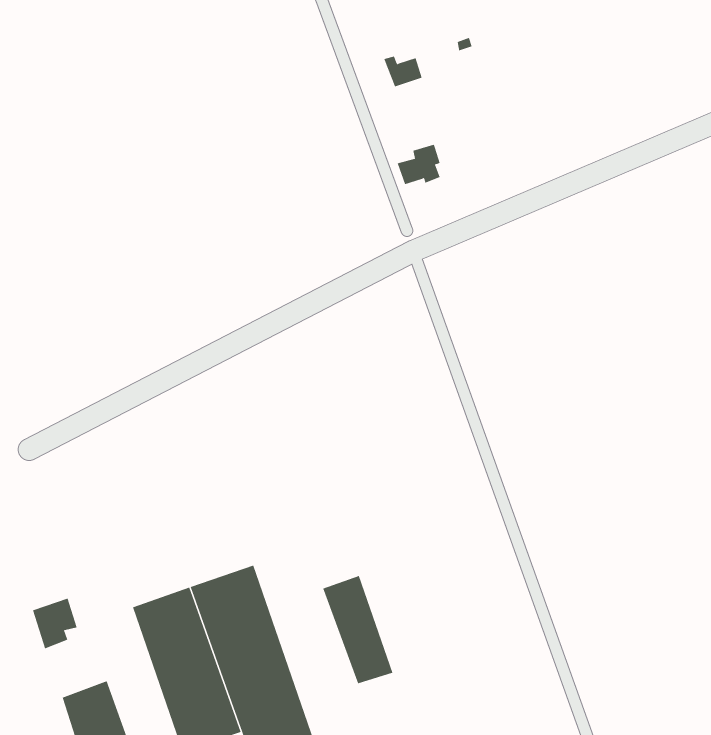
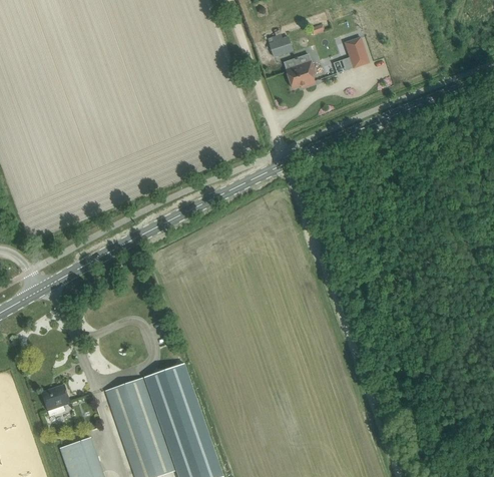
building: none -> [345,37,368,67]
building: [397,143,441,185] -> [287,60,315,87]
building: [322,575,393,684] -> none

